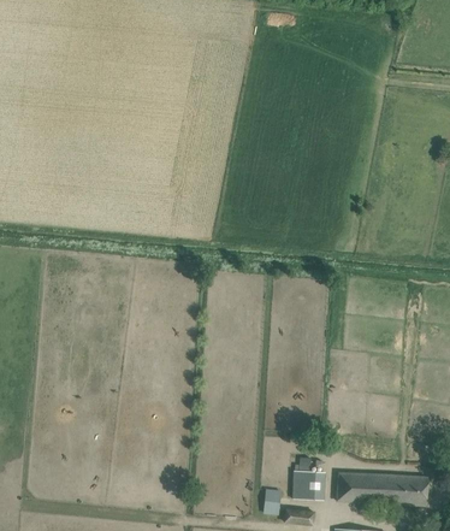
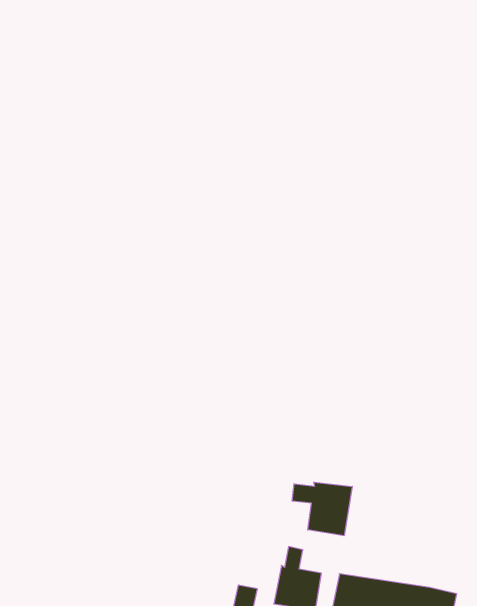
building: none -> [292,482,352,536]

